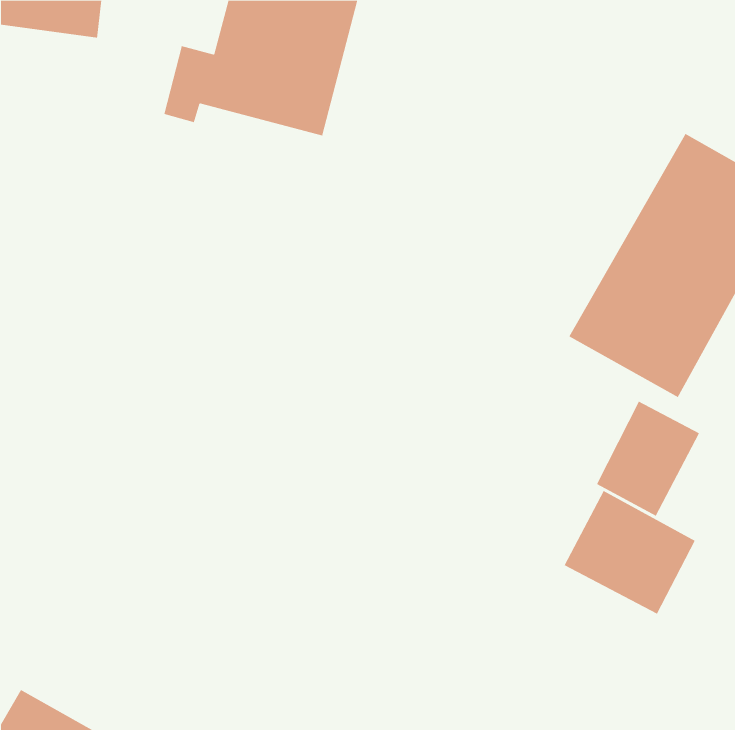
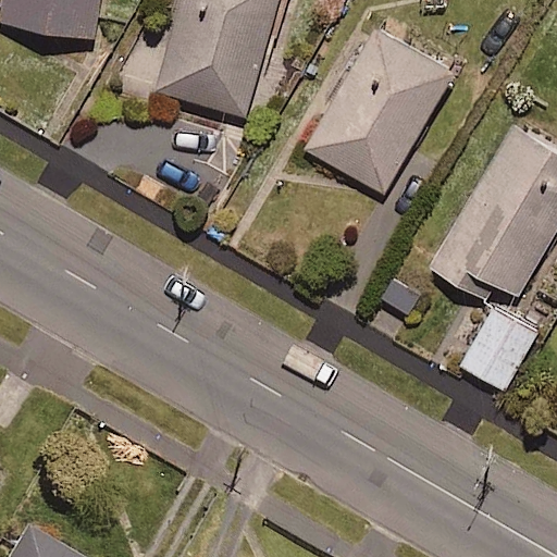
building: none -> [307,20,459,191]
building: [564,490,696,615] -> none

